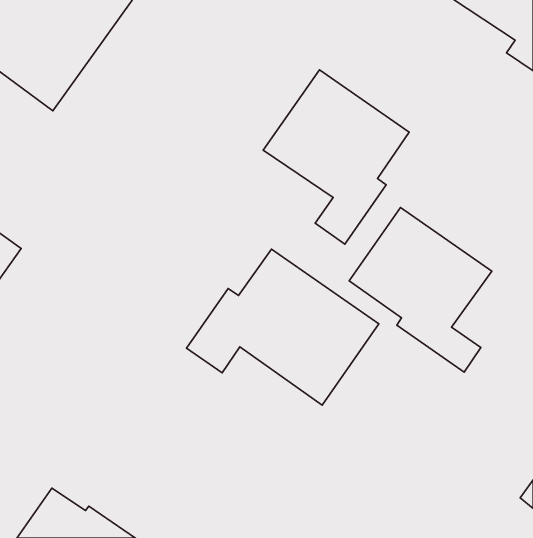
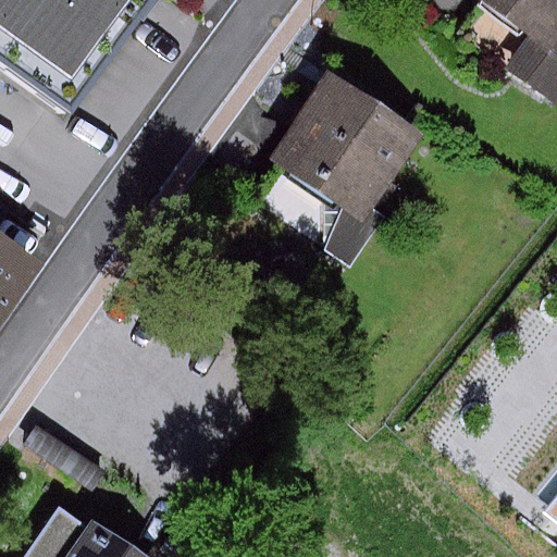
building: [349,207,492,372] -> none
building: [186,249,379,405] -> none

